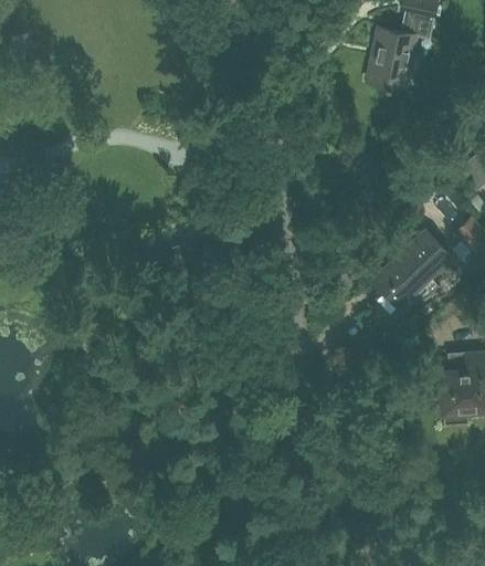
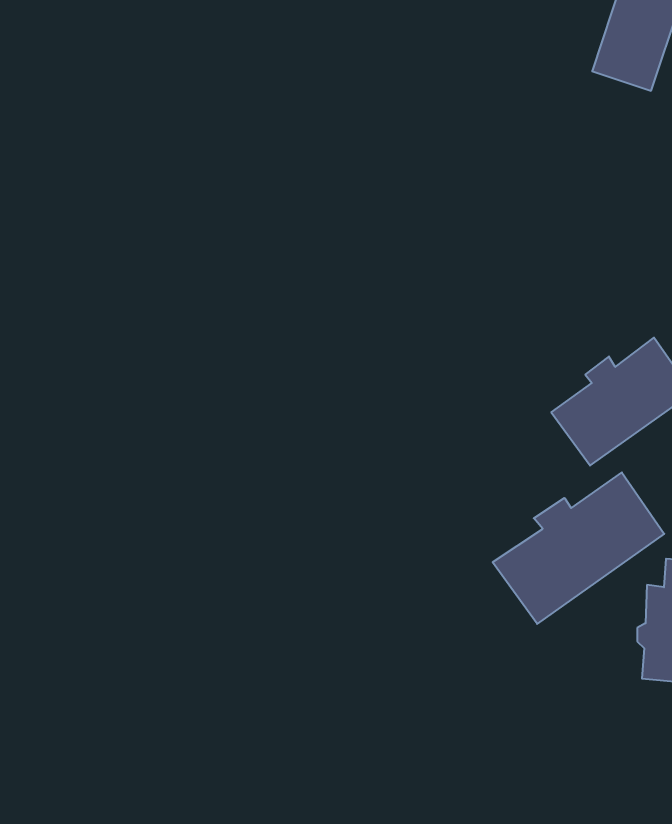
building: none -> [493,472,664,624]

